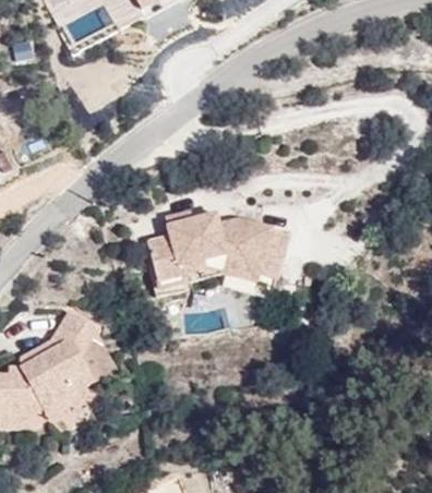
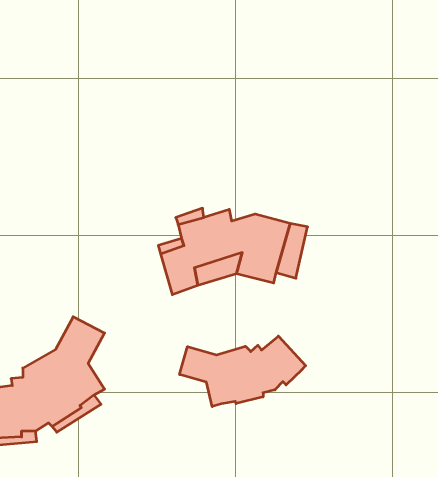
building: none -> [180,336,306,407]

